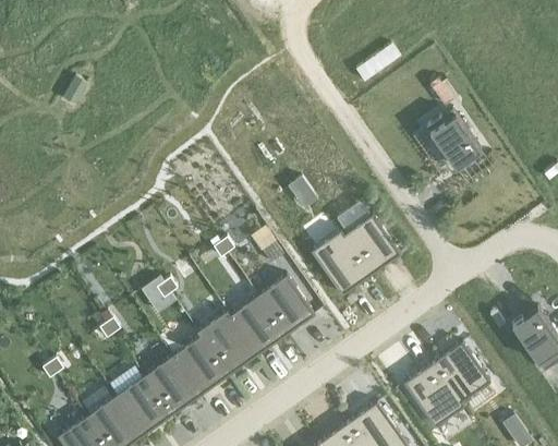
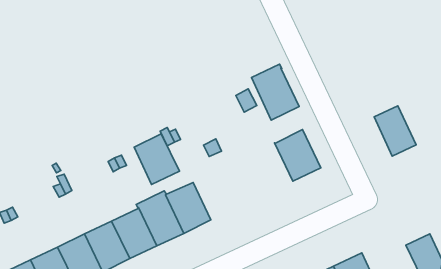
building: [426,108,480,167] -> [374,106,416,156]
building: [310,228,369,293] -> [252,64,299,120]
building: [256,273,313,333] -> [134,134,180,184]

